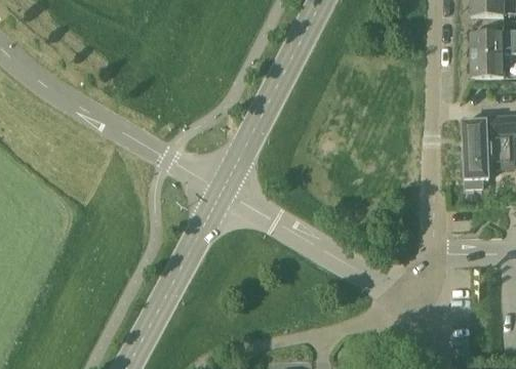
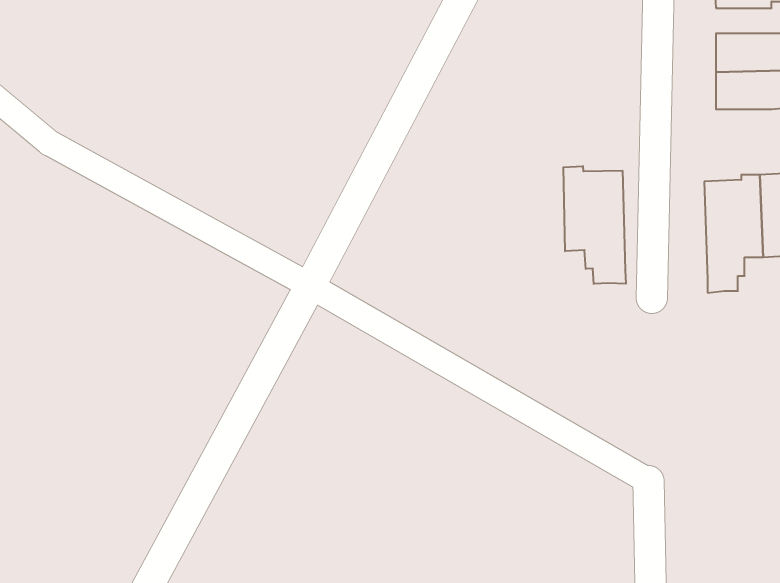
building: none -> [563,166,626,284]

